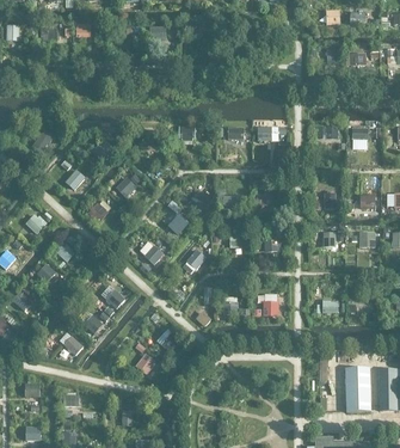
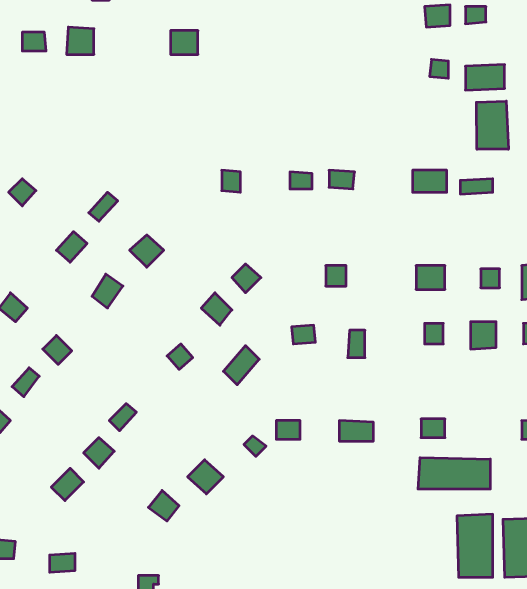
building: none -> [476,101,508,149]
building: none -> [418,458,490,489]

